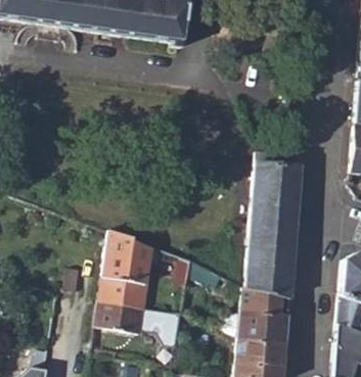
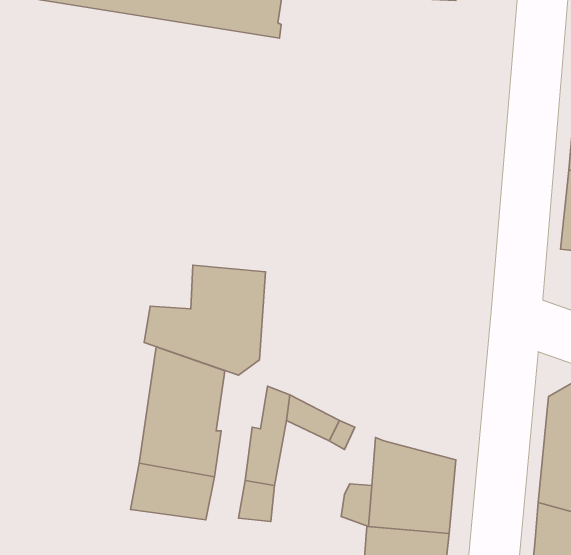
building: [246,150,301,297] -> none
building: none -> [144,265,266,375]

